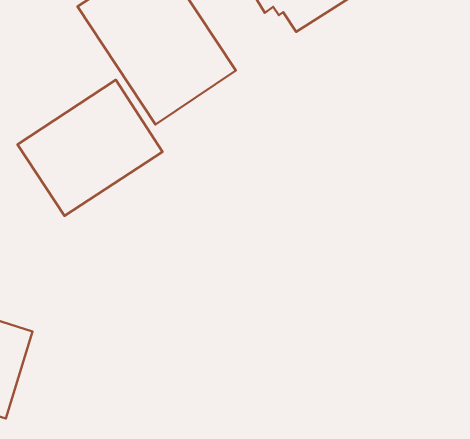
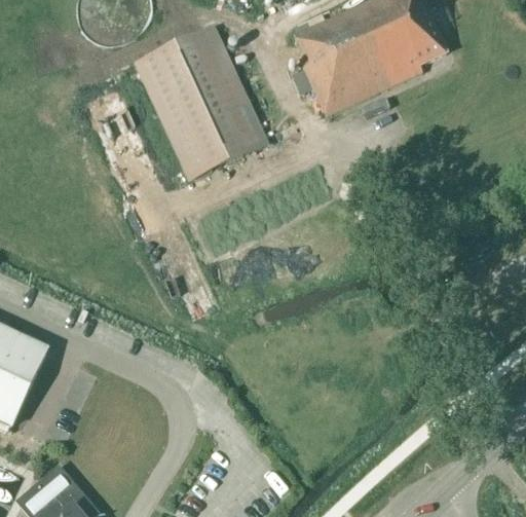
building: [17,80,163,216] -> none

